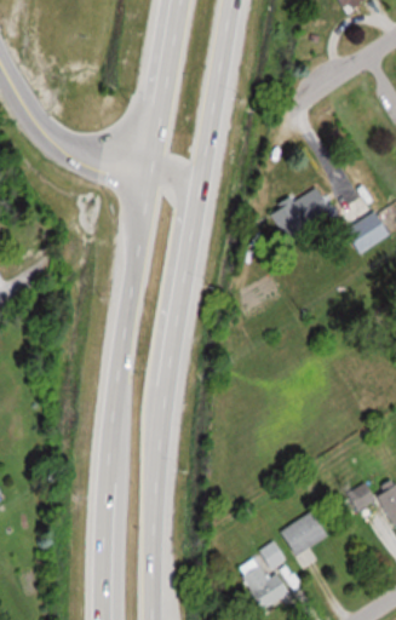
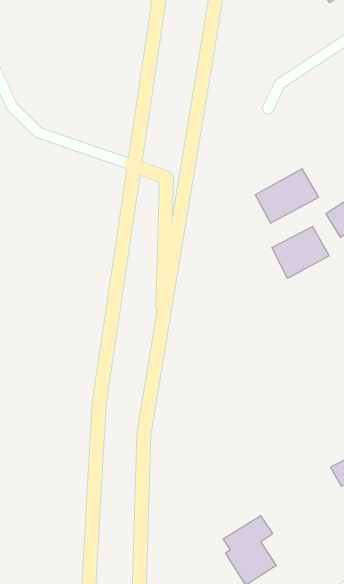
building: none -> [272,226,329,278]
building: [283,511,328,553] -> none

